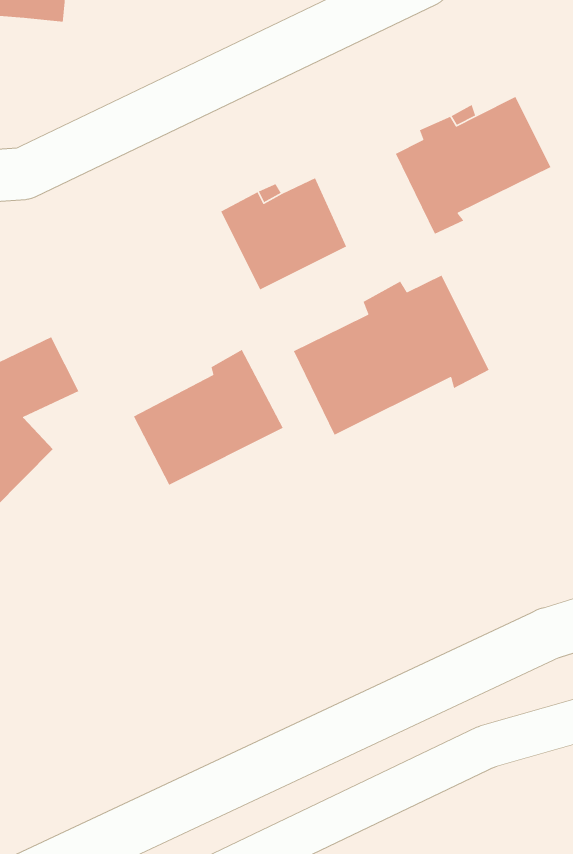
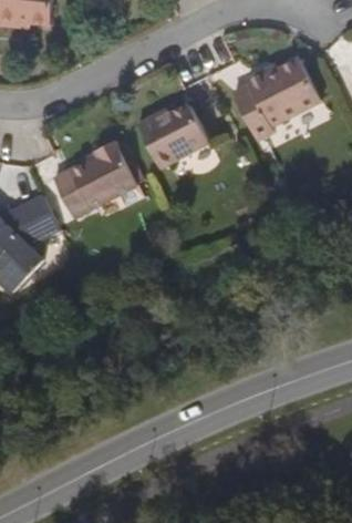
building: [293,274,490,436] -> none
building: [133,349,284,486] -> [53,140,137,216]

